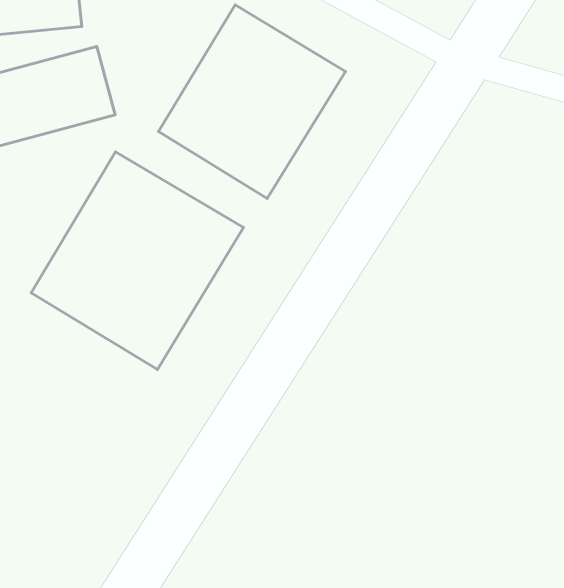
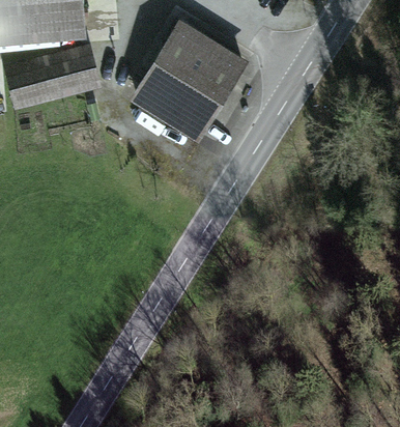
building: [31,152,244,369] -> none

